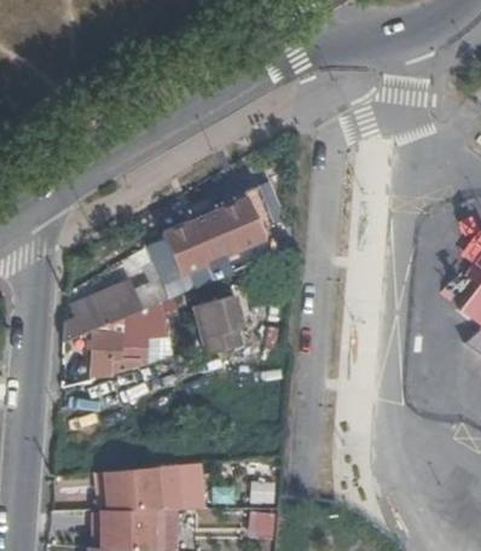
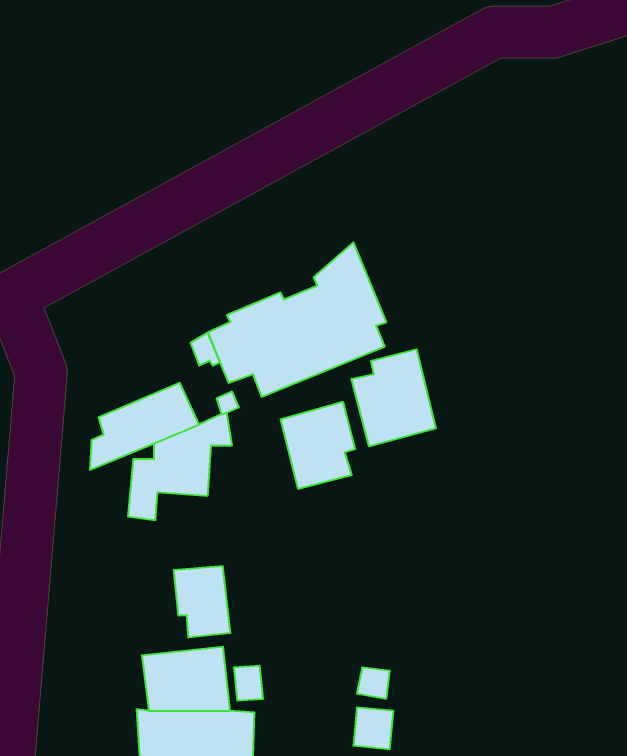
building: none -> [352,349,436,446]
building: none -> [174,566,230,638]

